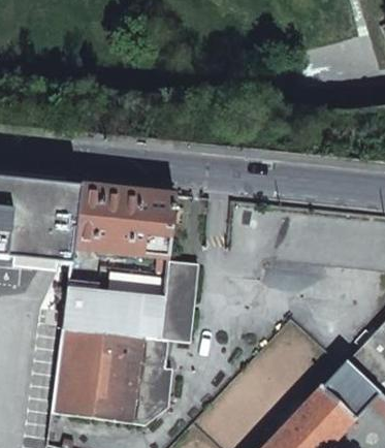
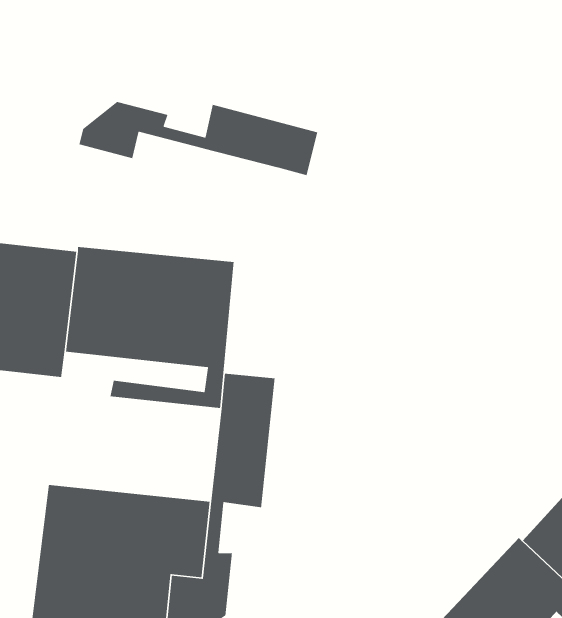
building: none -> [78,101,318,176]
building: [61,277,165,340] -> none

